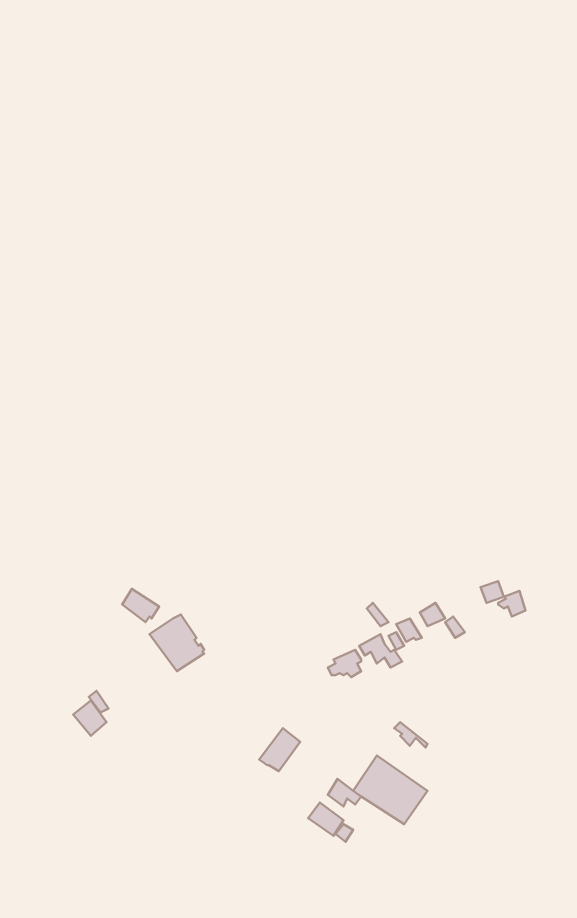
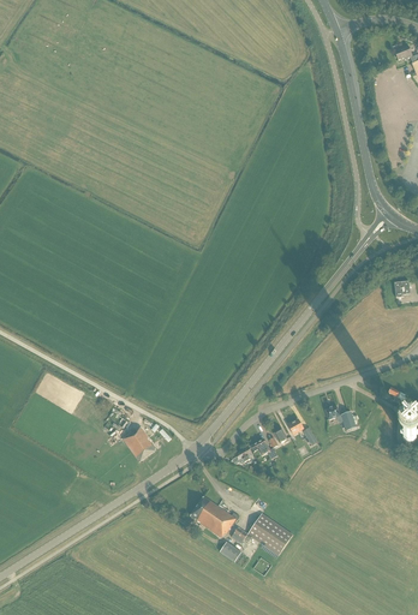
building: none -> [201,504,240,538]

